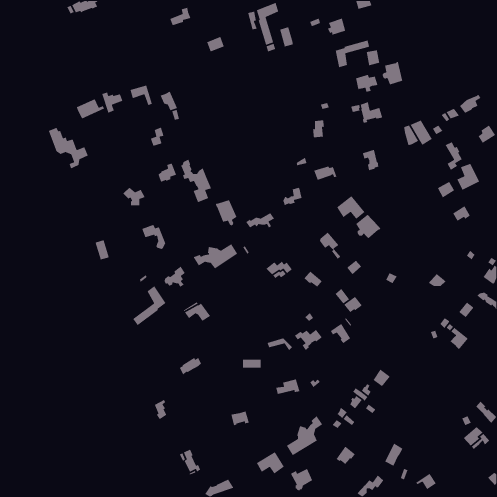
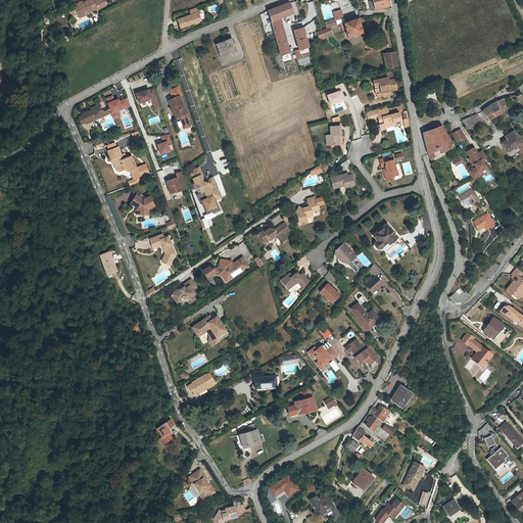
building: [335,39,370,68] -> none
building: [382,61,403,86] -> none
building: [48,127,89,169] -> [106,142,149,187]
building: [456,163,480,191] -> none
building: [336,195,365,220] -> none
building: [215,199,238,227] -> none
building: [132,285,166,326] -> none
building: [286,415,323,456] -> none

